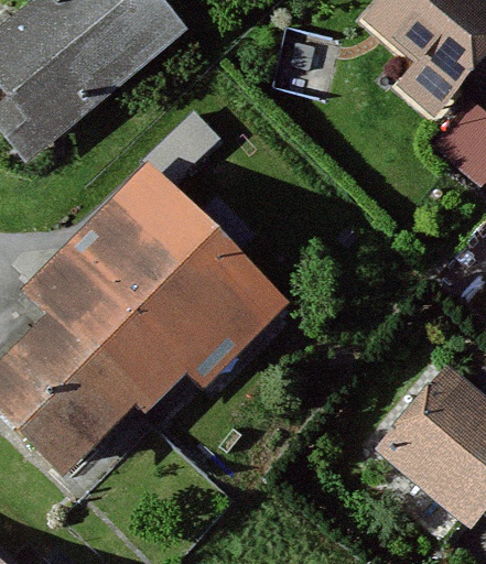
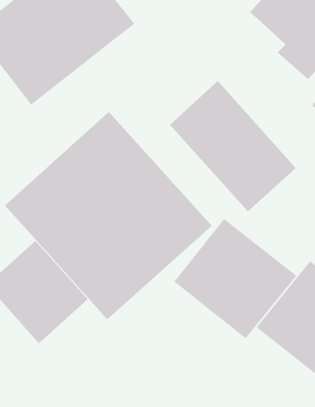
building: none -> [169,80,297,212]
building: none -> [174,218,297,339]

